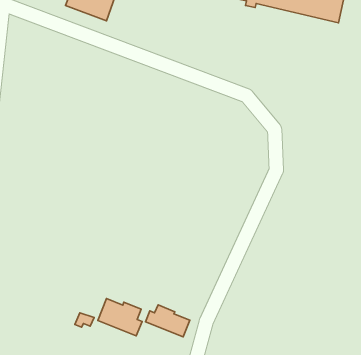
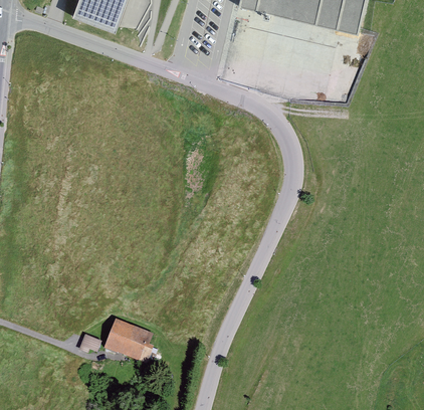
building: [145,305,190,337] -> none

